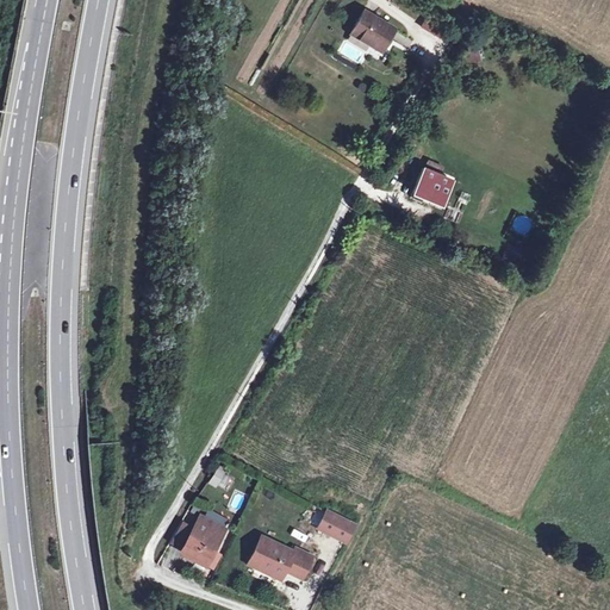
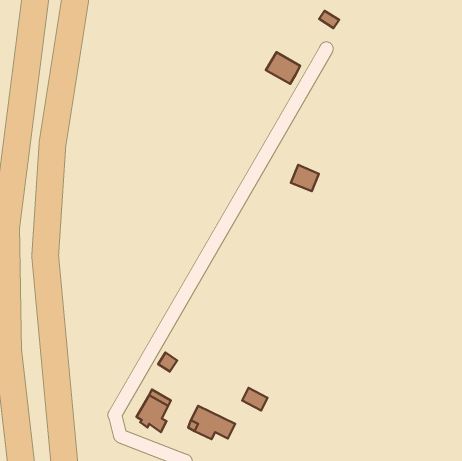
building: [351,10,397,51] -> [266,52,300,84]
building: [417,166,454,200] -> [291,165,319,191]

